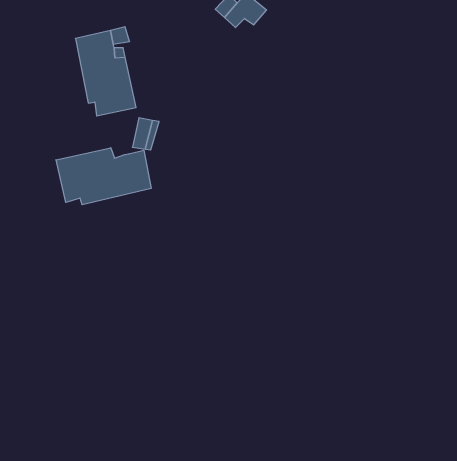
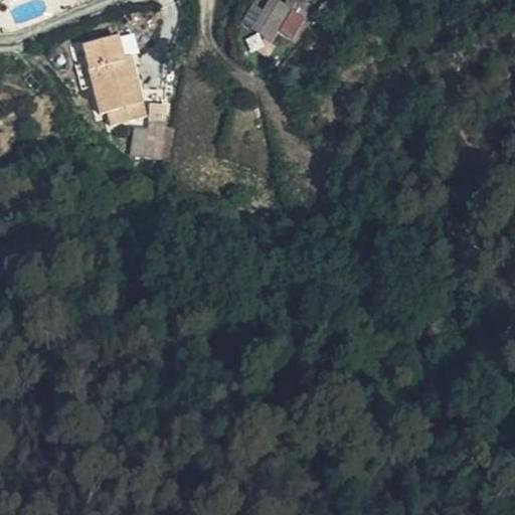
building: [56,148,151,205] -> none

